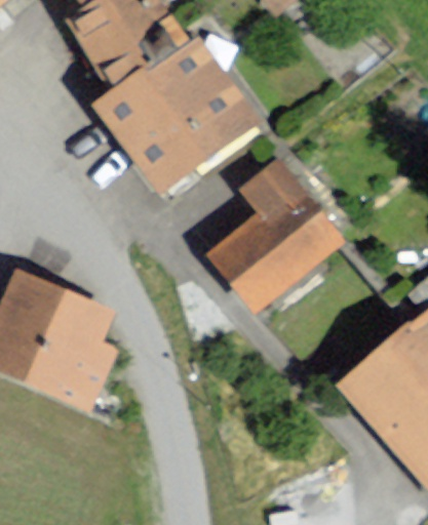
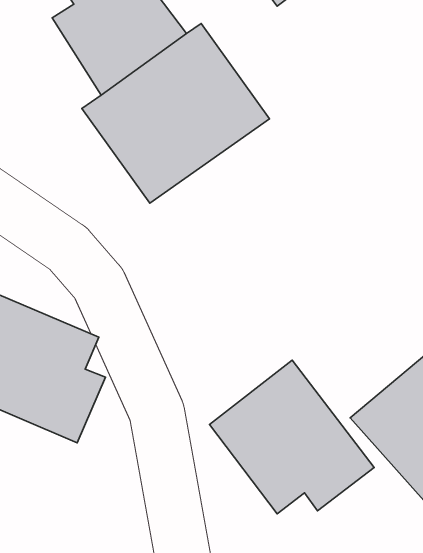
building: [210,165,341,311] -> none
building: none -> [209,360,374,514]

